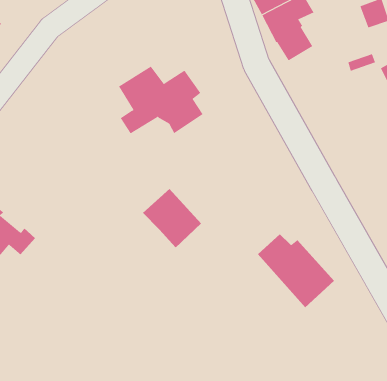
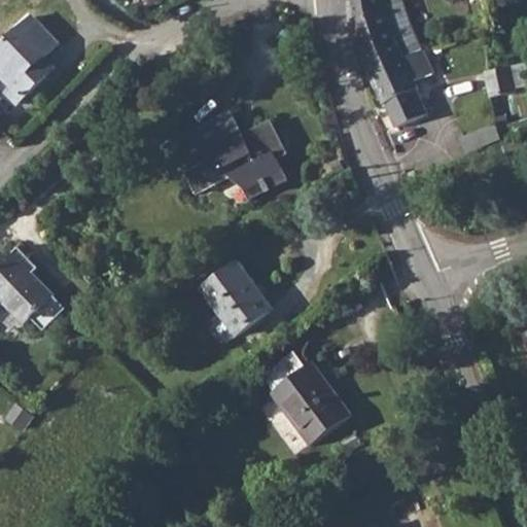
building: [257,234,335,308] -> [261,353,351,446]

